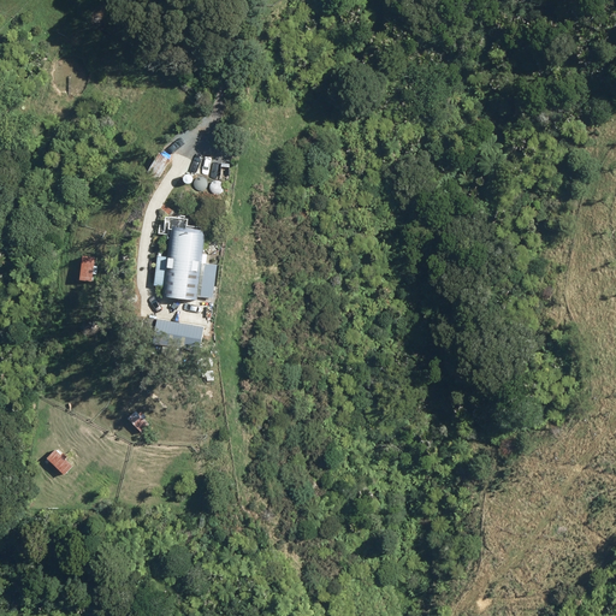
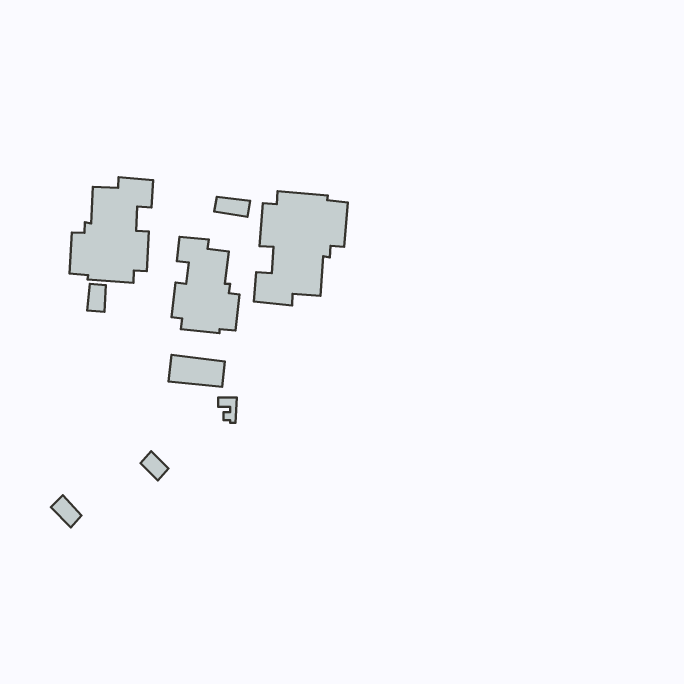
building: none -> [69,177,153,283]
building: none -> [254,191,348,305]

